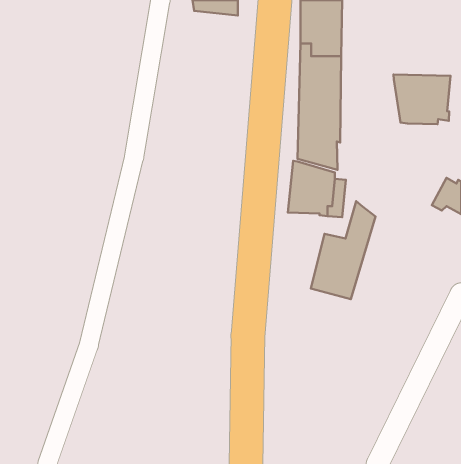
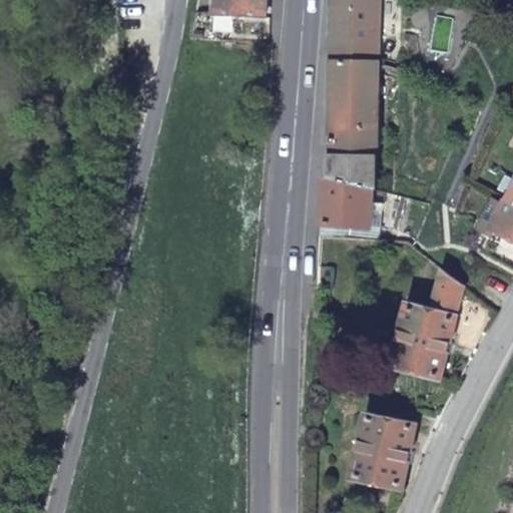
building: [394,74,451,124] -> none
building: [311,201,375,299] -> [392,269,463,377]
building: none -> [353,414,414,486]

